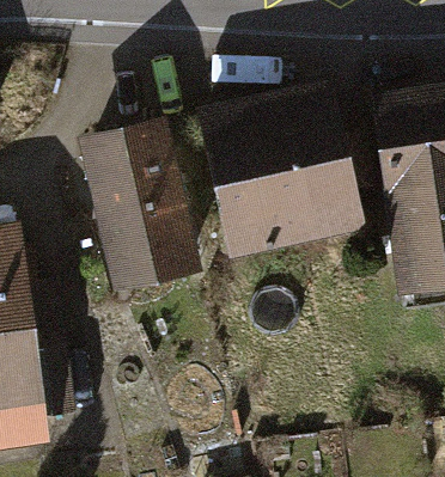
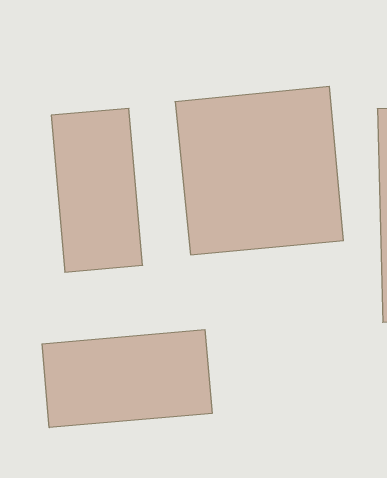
building: none -> [42,330,212,428]

